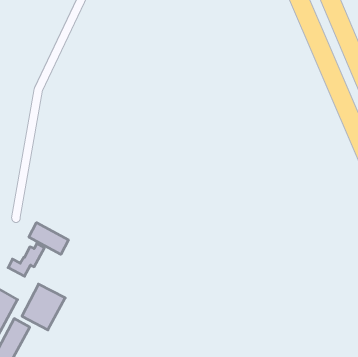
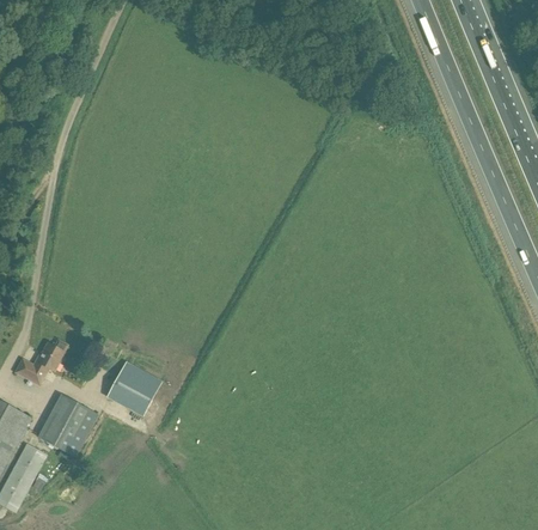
building: [29,223,68,254] -> none
building: none -> [108,361,160,415]

